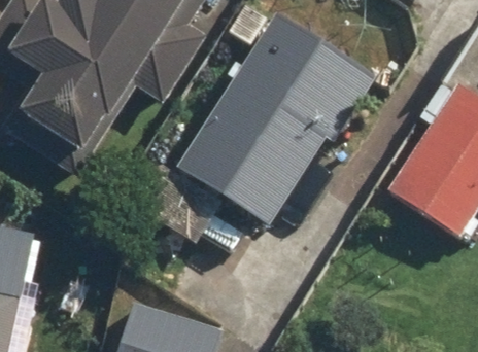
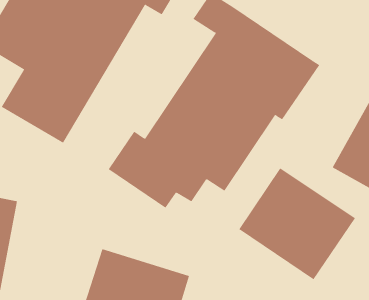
building: none -> [239,167,356,280]

